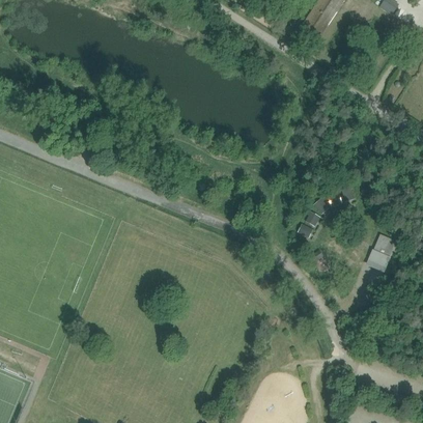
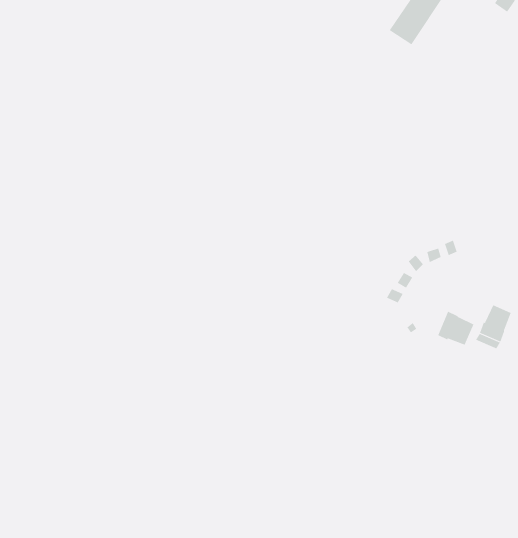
building: none -> [438,311,474,346]

